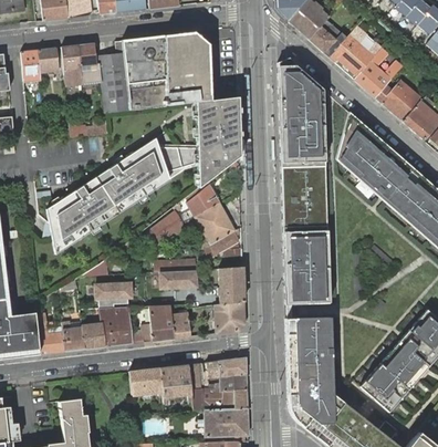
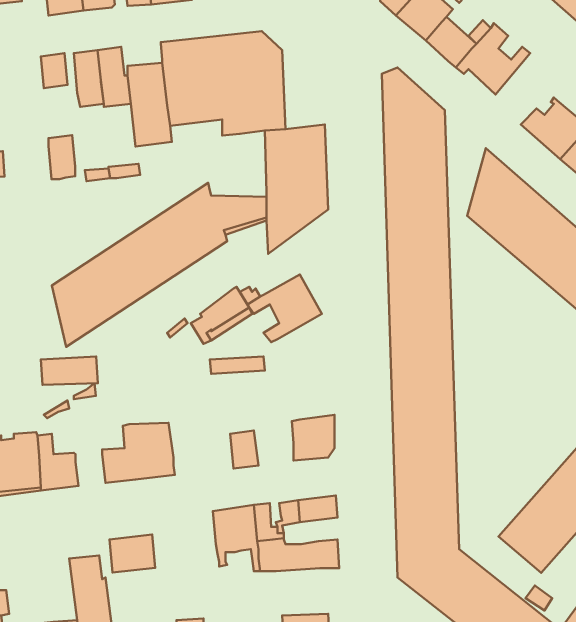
building: [355,46,403,96] -> none
building: [22,49,41,80] -> [48,135,75,179]
building: [187,183,220,216] -> none
building: [205,228,242,257] -> none
building: [218,266,244,303] -> none
building: [158,269,199,290] -> none
building: [93,280,133,300] -> [41,356,98,385]
building: [132,304,174,342] -> none
building: [62,320,84,350] -> none
building: [129,367,161,394] -> [109,535,155,573]
building: [209,372,247,391] -> none
building: [204,407,249,435] -> none

